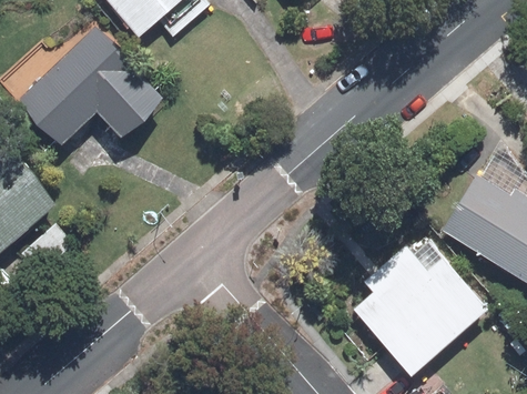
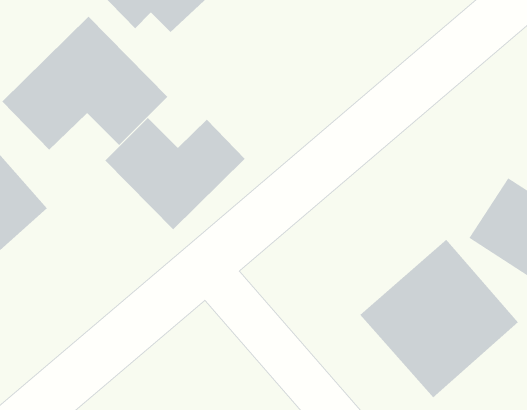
building: none -> [105,117,245,230]

